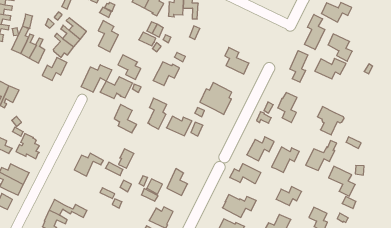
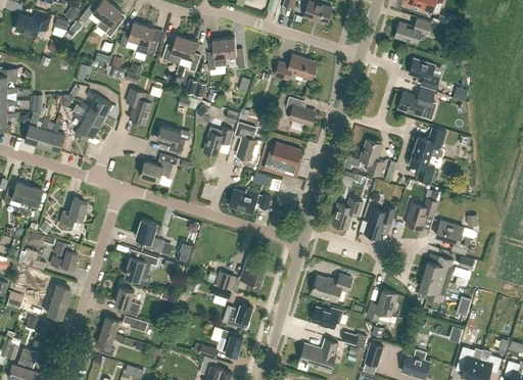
building: none -> [274,54,316,80]
building: [304,14,325,50] -> none
building: [290,51,308,82] -> none
building: [42,58,67,80] -> [58,199,86,228]
building: [81,65,112,92] -> none
building: none -> [414,128,445,158]
building: [148,98,167,129] -> [235,123,256,159]
building: [114,104,137,133] -> [136,220,164,252]
building: [230,164,261,184] -> none
building: none -> [114,287,140,316]
building: [276,187,302,206] -> [423,256,453,280]

